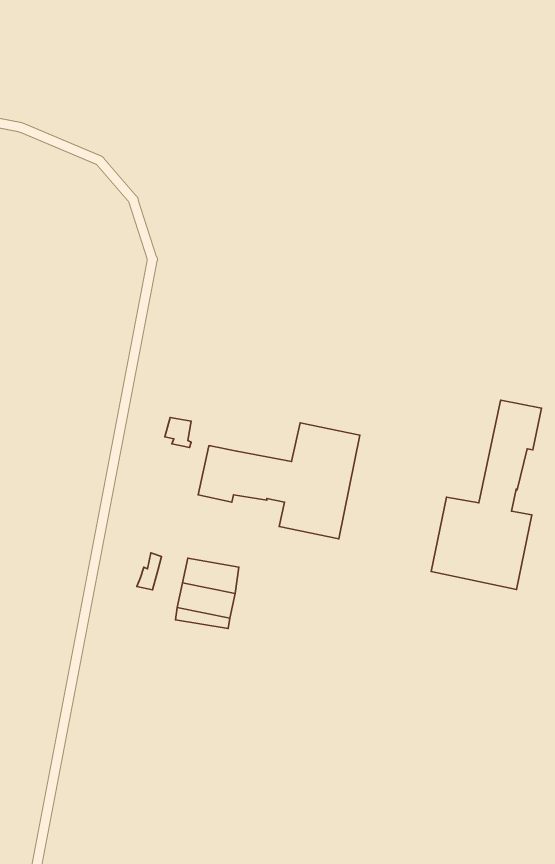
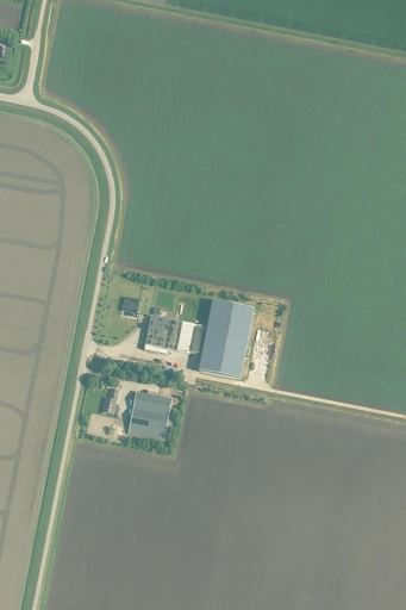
building: [431,400,541,589] -> none

